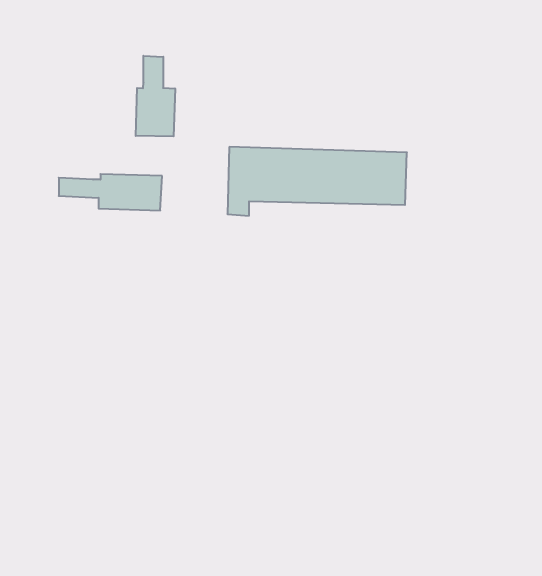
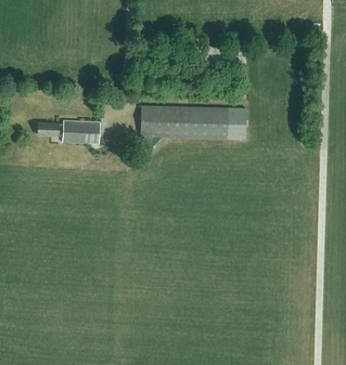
building: [136,56,175,136] -> none

